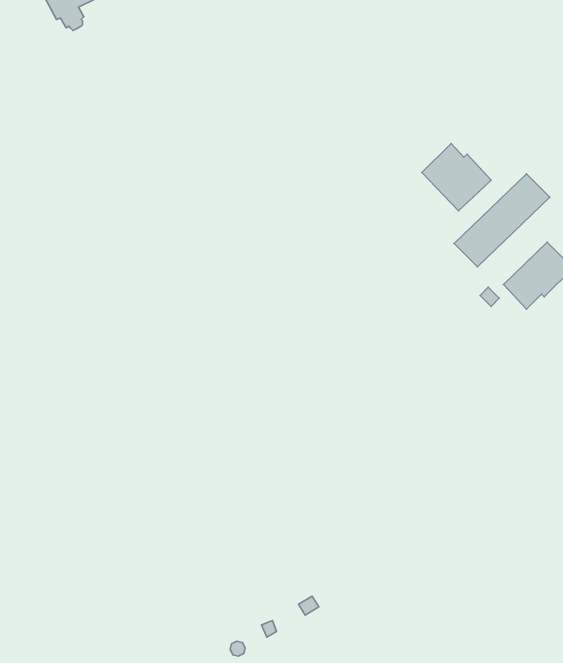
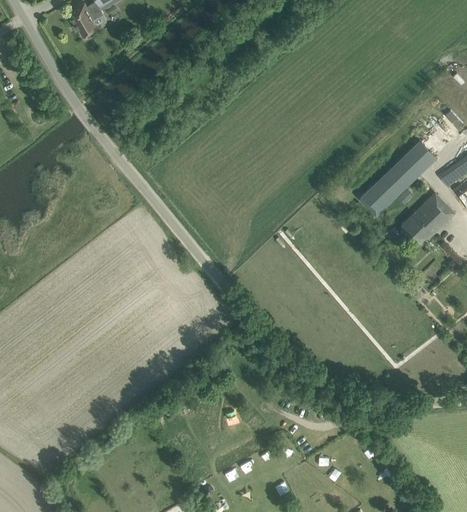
building: [422,144,491,211] -> none

